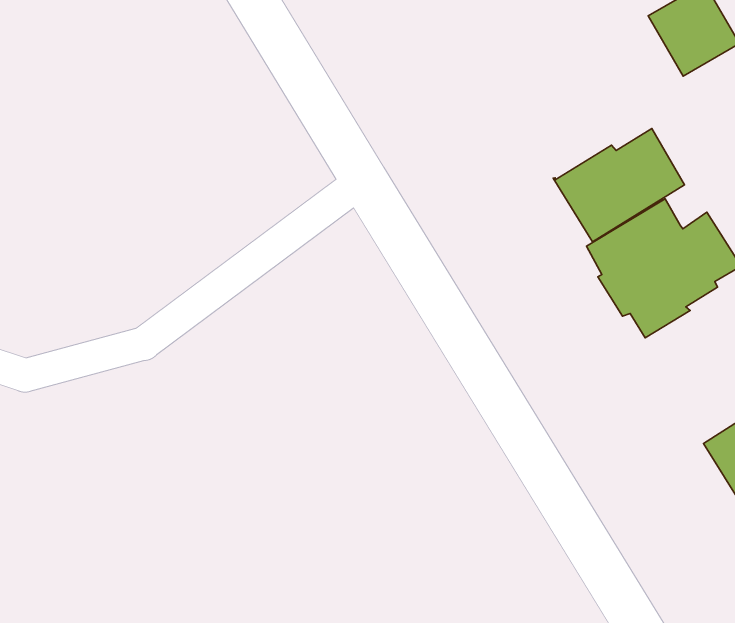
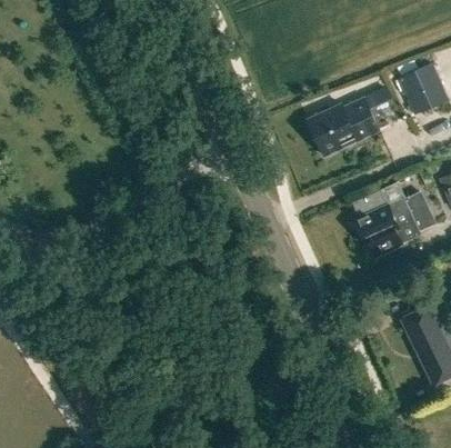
building: [553,128,684,242] -> [308,98,380,157]

